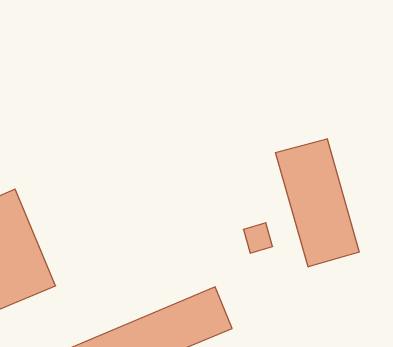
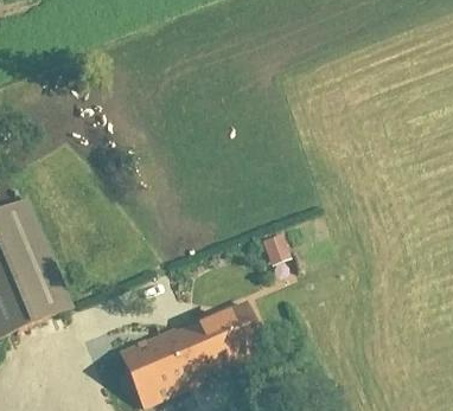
building: [276,139,359,267] -> none

